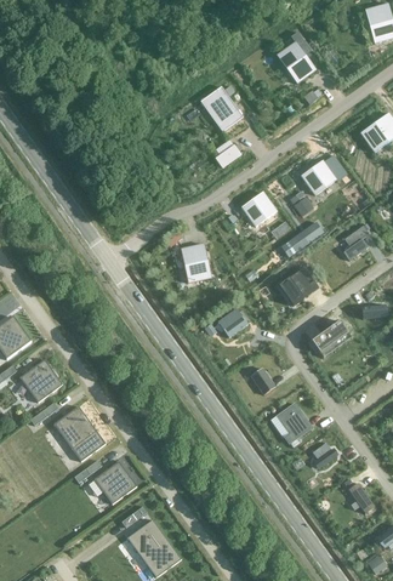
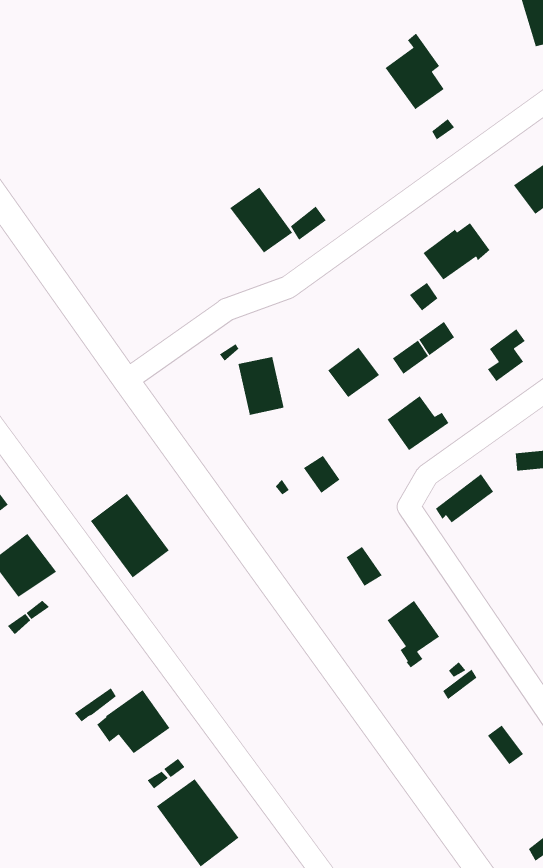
building: [199,86,241,131] -> [228,186,293,255]
building: [240,192,275,227] -> [326,345,380,399]
building: [52,405,104,461] -> [90,493,170,579]

